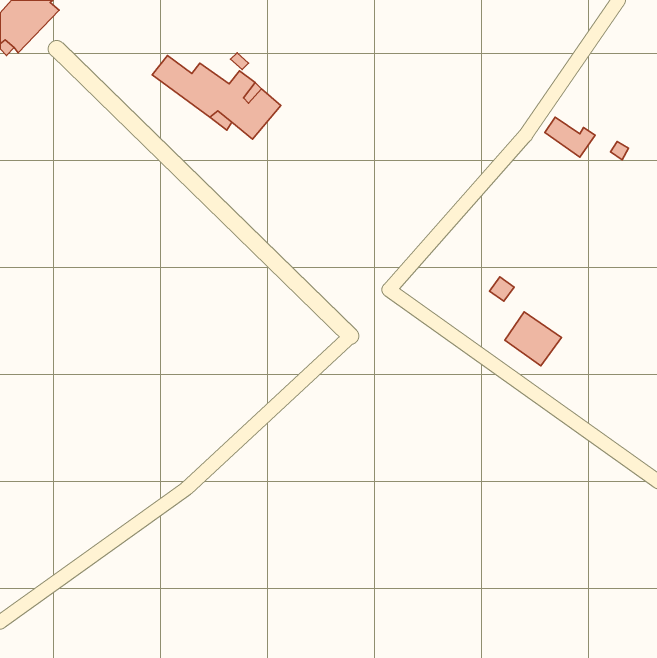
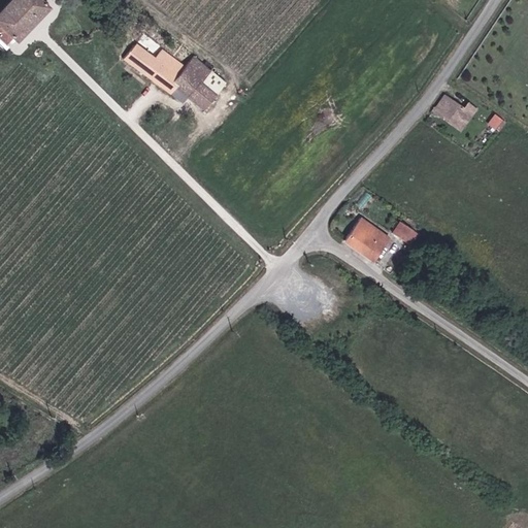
building: [505,312,561,366] -> [344,218,390,261]

